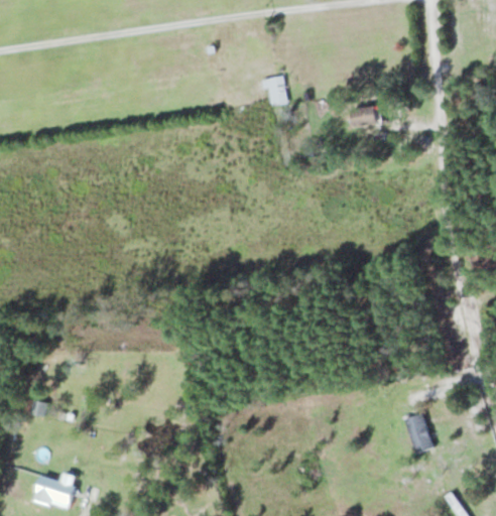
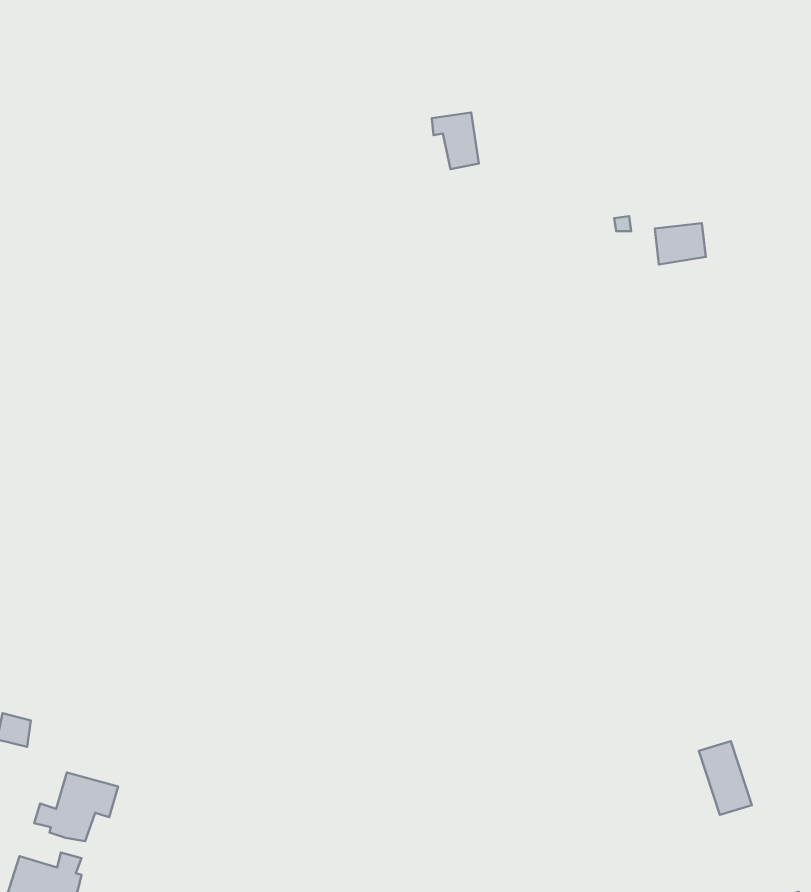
building: [349,107,376,129] -> [655,223,706,264]
building: none -> [34,772,118,841]

